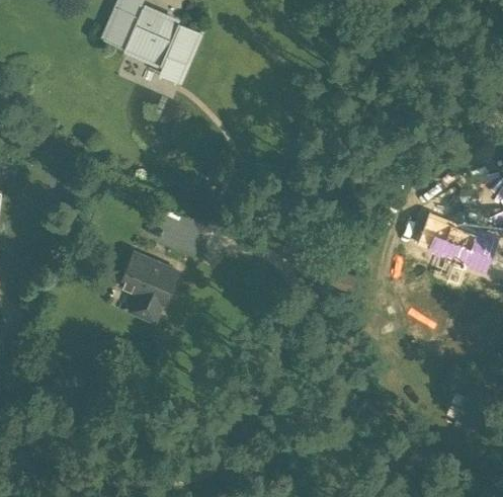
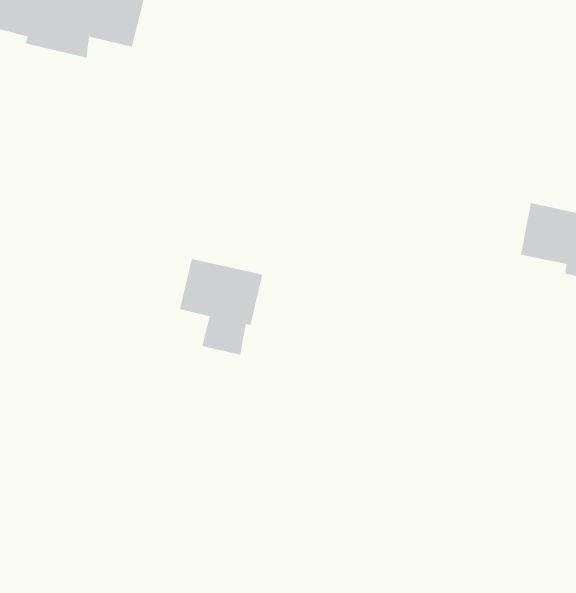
building: [120,254,178,322] -> [179,258,263,355]

